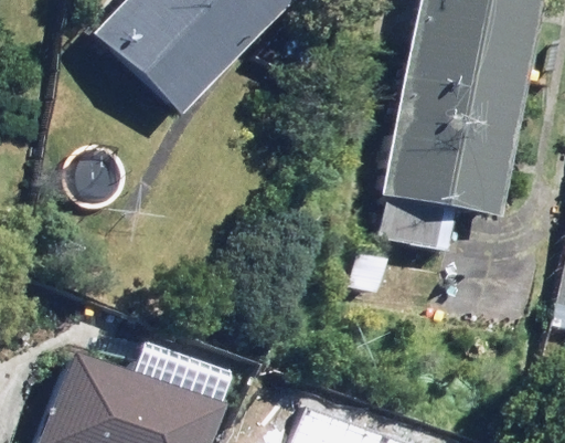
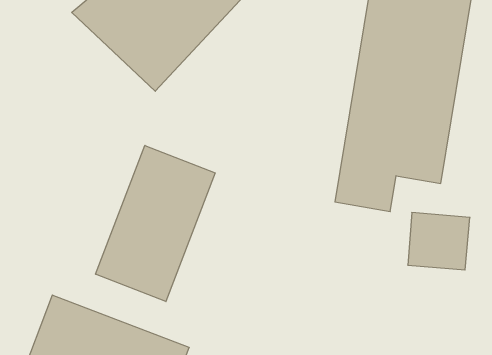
building: none -> [96,145,215,302]

